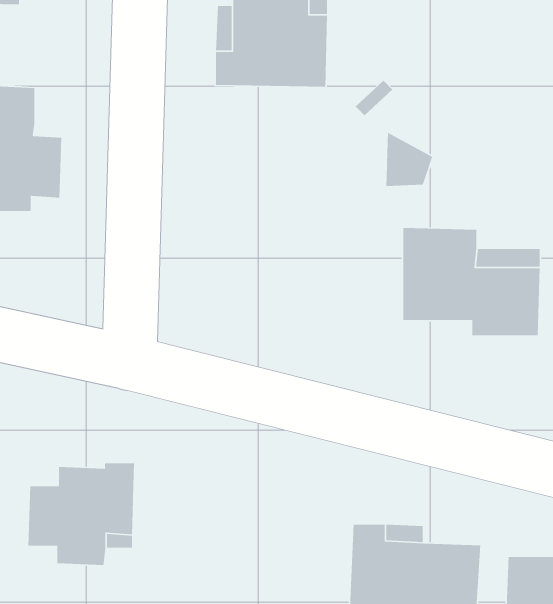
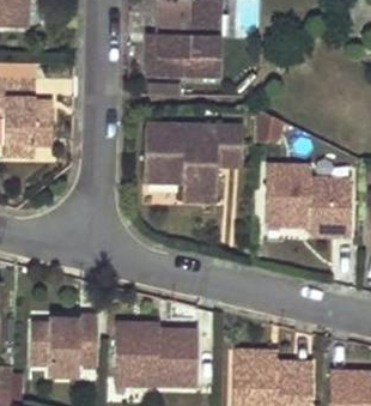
building: none -> [144,125,243,200]
building: none -> [114,321,197,384]

